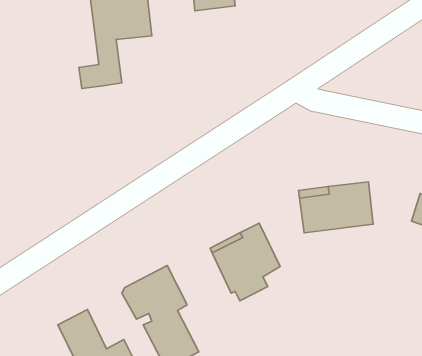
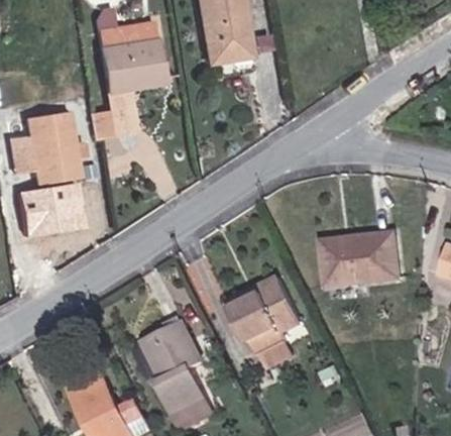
building: none -> [8,114,88,240]

